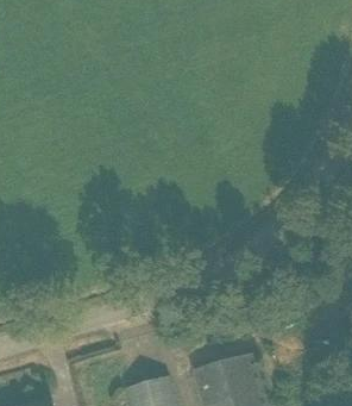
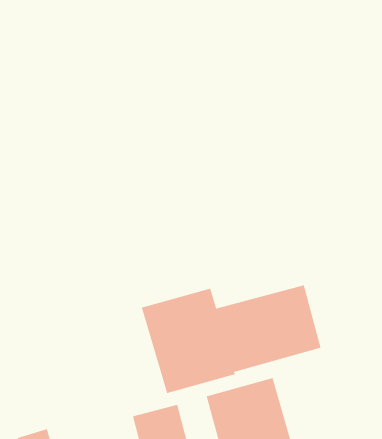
building: none -> [141,285,321,394]

